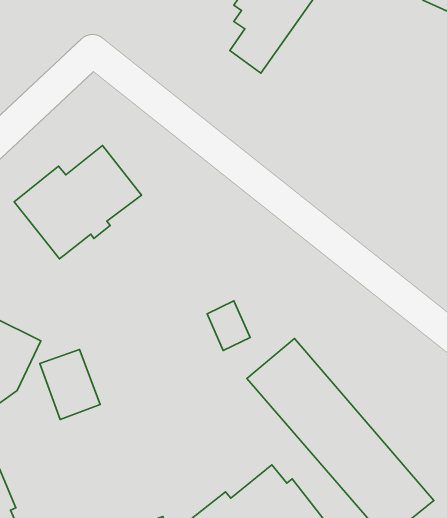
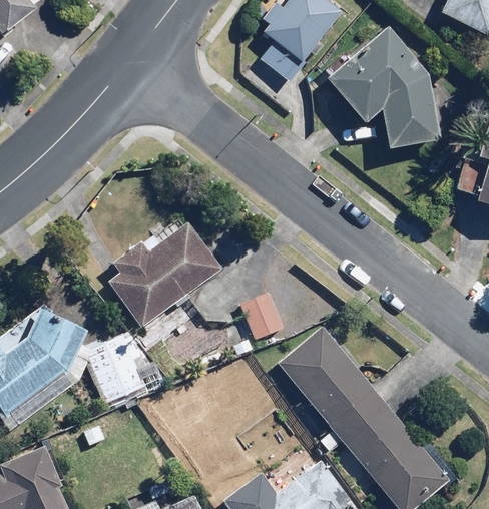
building: none -> [324,27,441,147]
building: [14,146,141,259] -> [101,222,219,328]

